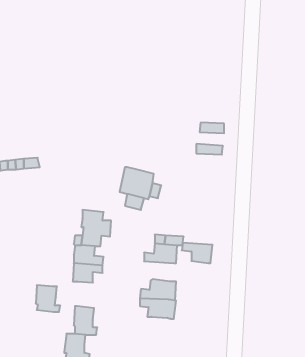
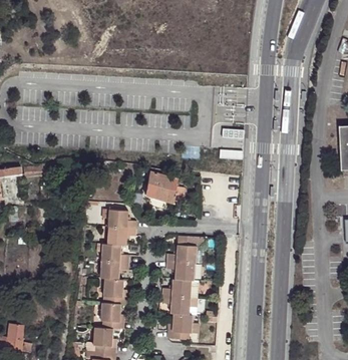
building: [182,243,213,263] -> [166,260,196,279]
building: [36,285,60,312] -> [103,279,126,304]
building: none -> [168,312,193,338]

